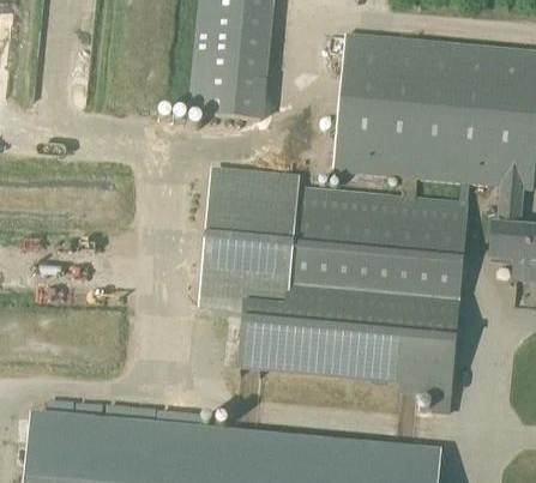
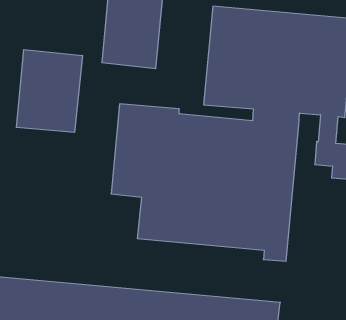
building: none -> [16,50,82,132]

